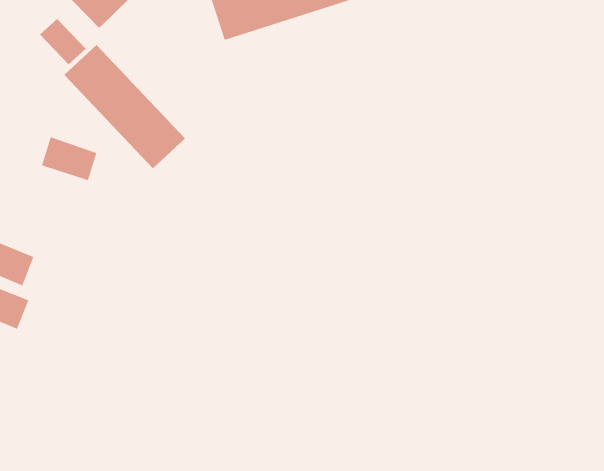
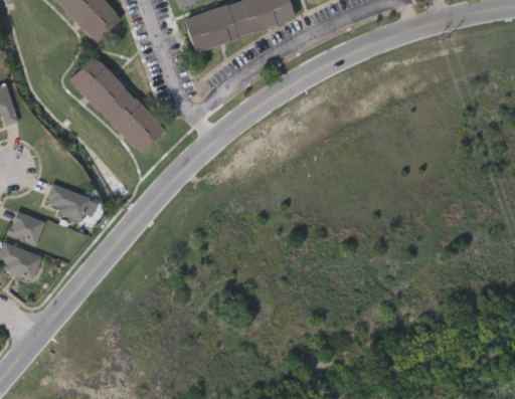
building: [39,18,86,65] -> none
building: [41,136,97,181] -> [44,184,89,219]

